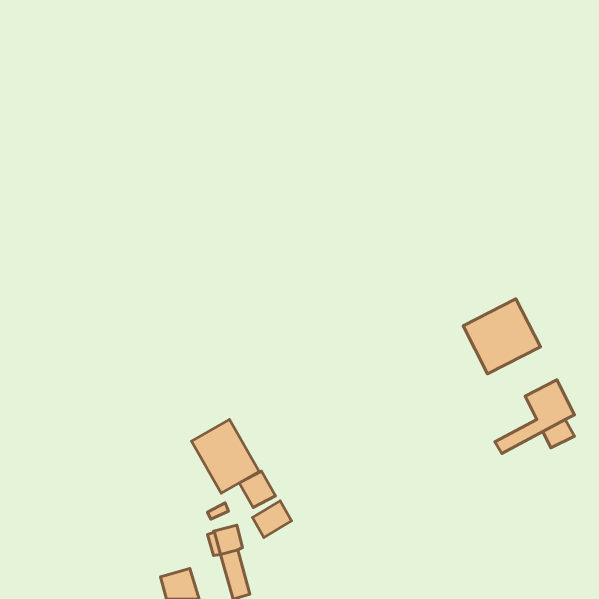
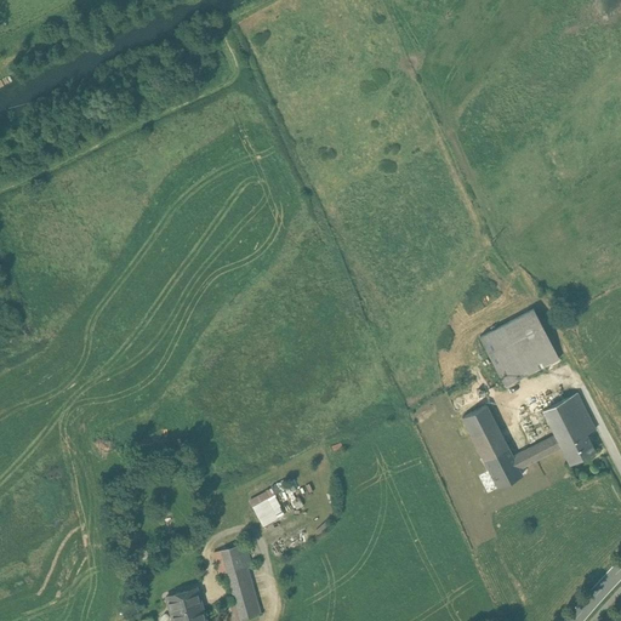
building: none -> [462,405,522,488]
building: [192,420,259,493] -> none
building: [252,501,292,537] -> none

